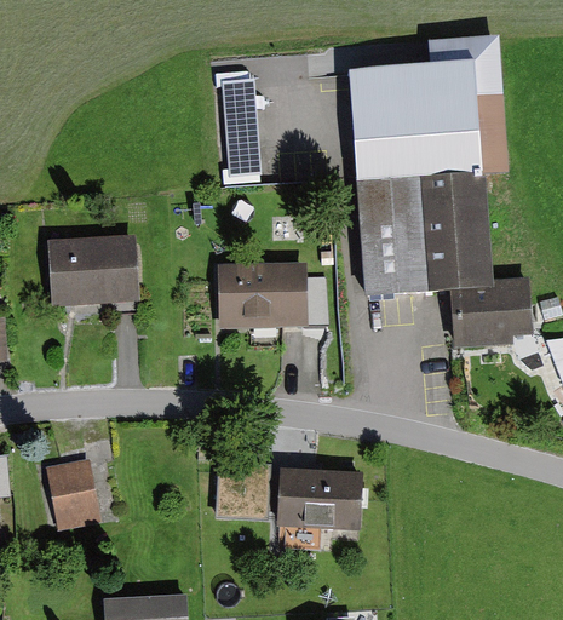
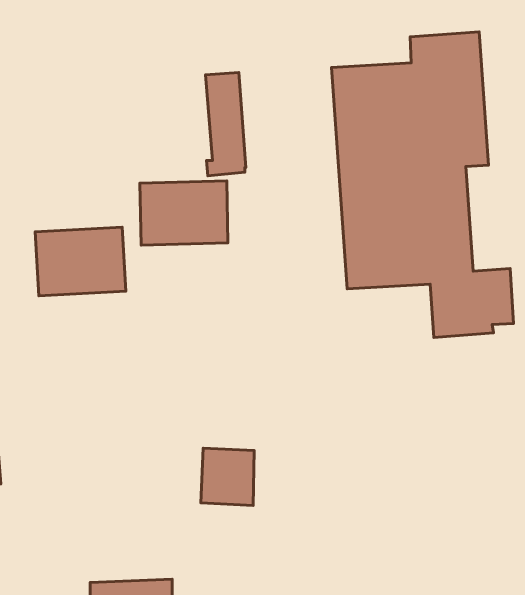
building: [218,262,308,327] -> [140,181,228,245]
building: [46,459,99,529] -> none
building: [277,467,363,530] -> none

